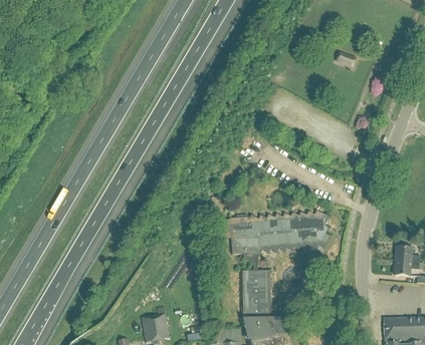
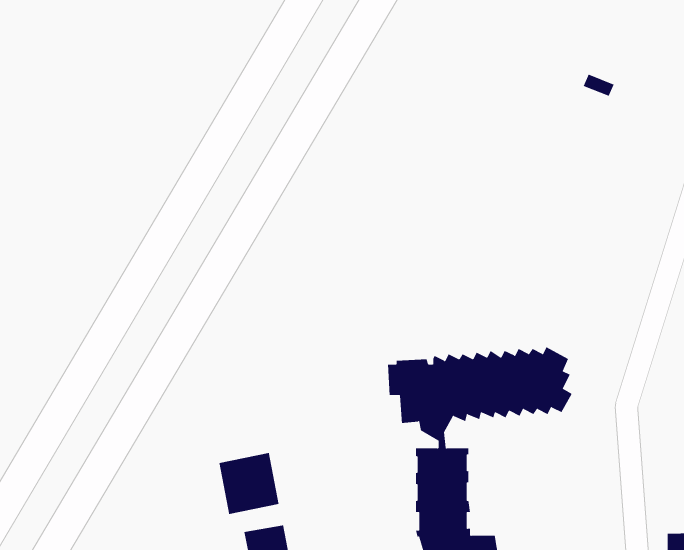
building: none -> [219,452,279,515]

